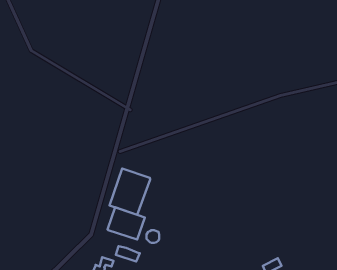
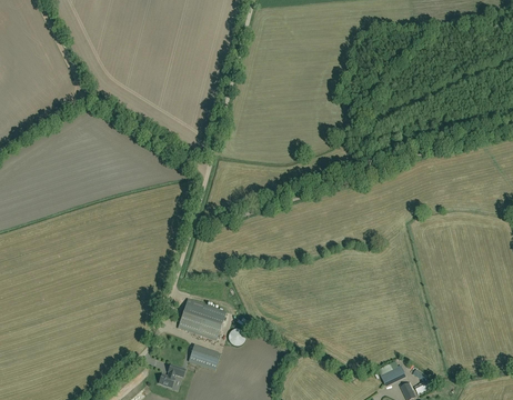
building: [110,169,150,215] -> none

